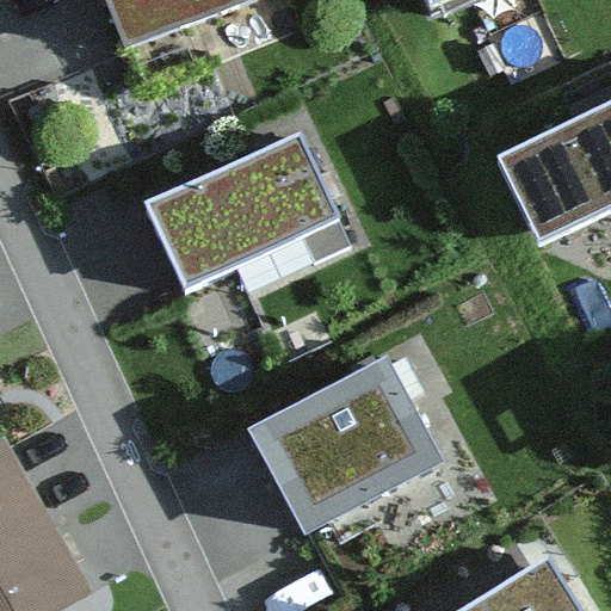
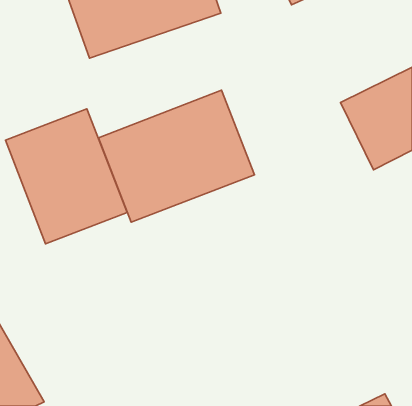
building: none -> [5,109,127,244]
building: [246,345,471,545] -> none

